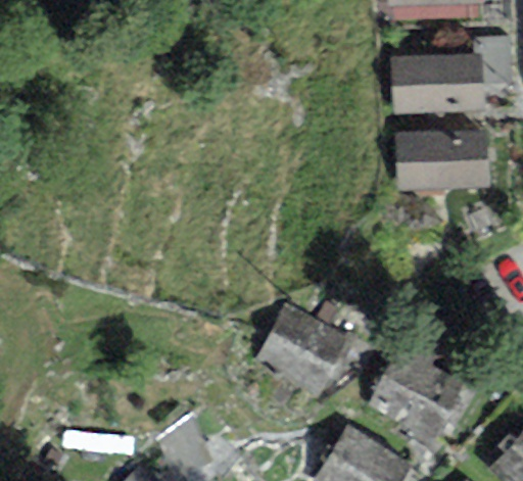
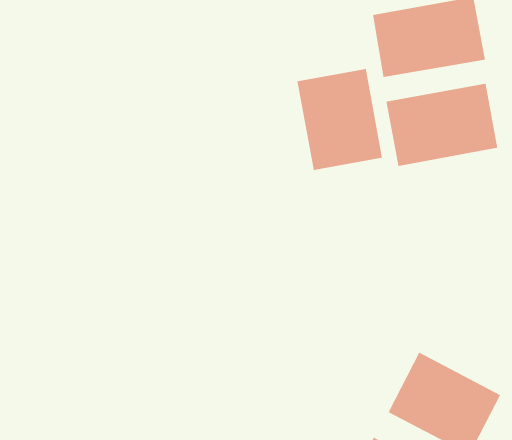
building: none -> [296,68,383,171]
building: [252,302,354,403] -> none

